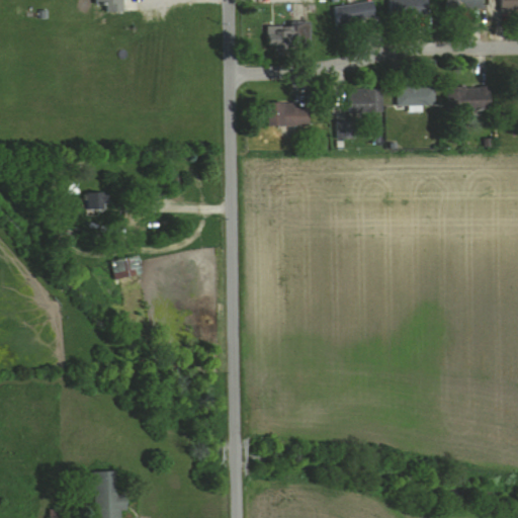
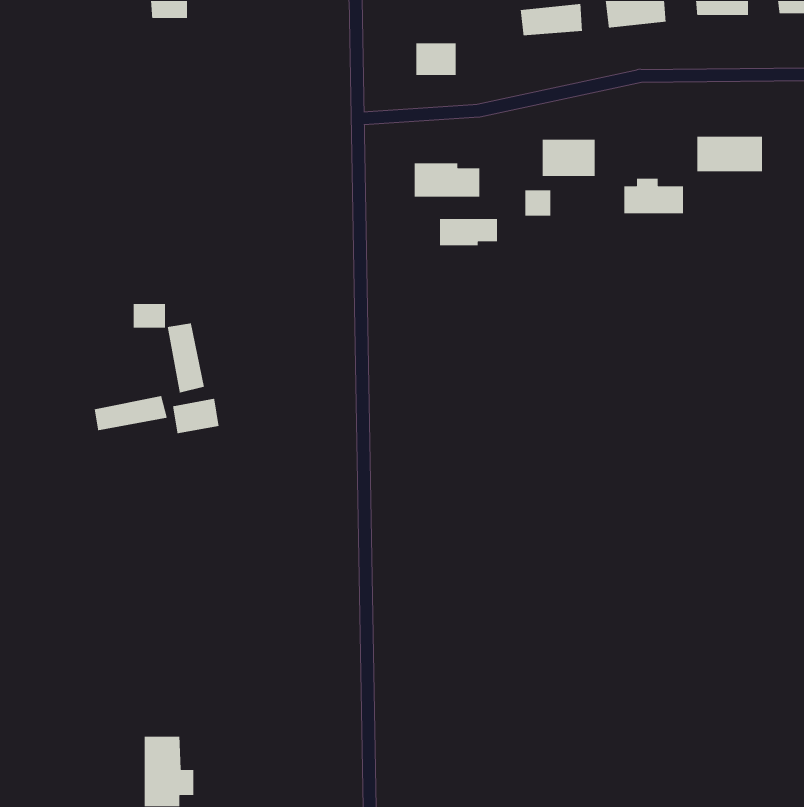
building: [296,22,311,49] -> none
building: [397,83,435,106] -> [624,178,684,214]
building: none -> [439,218,498,246]
building: none -> [167,322,205,393]
building: none -> [94,395,168,431]

